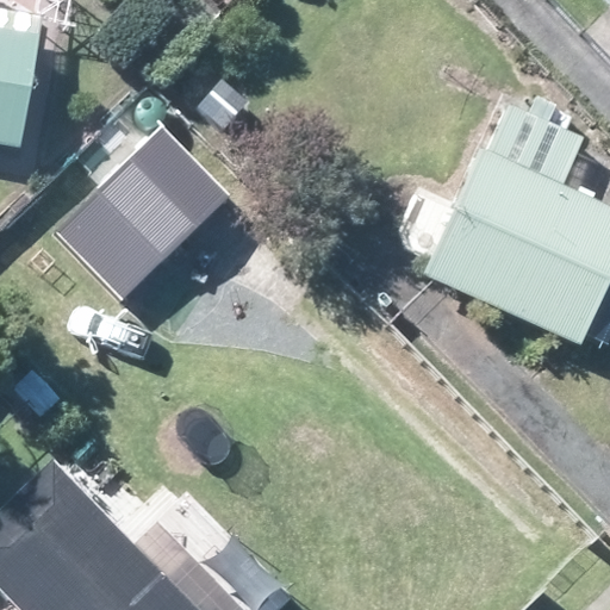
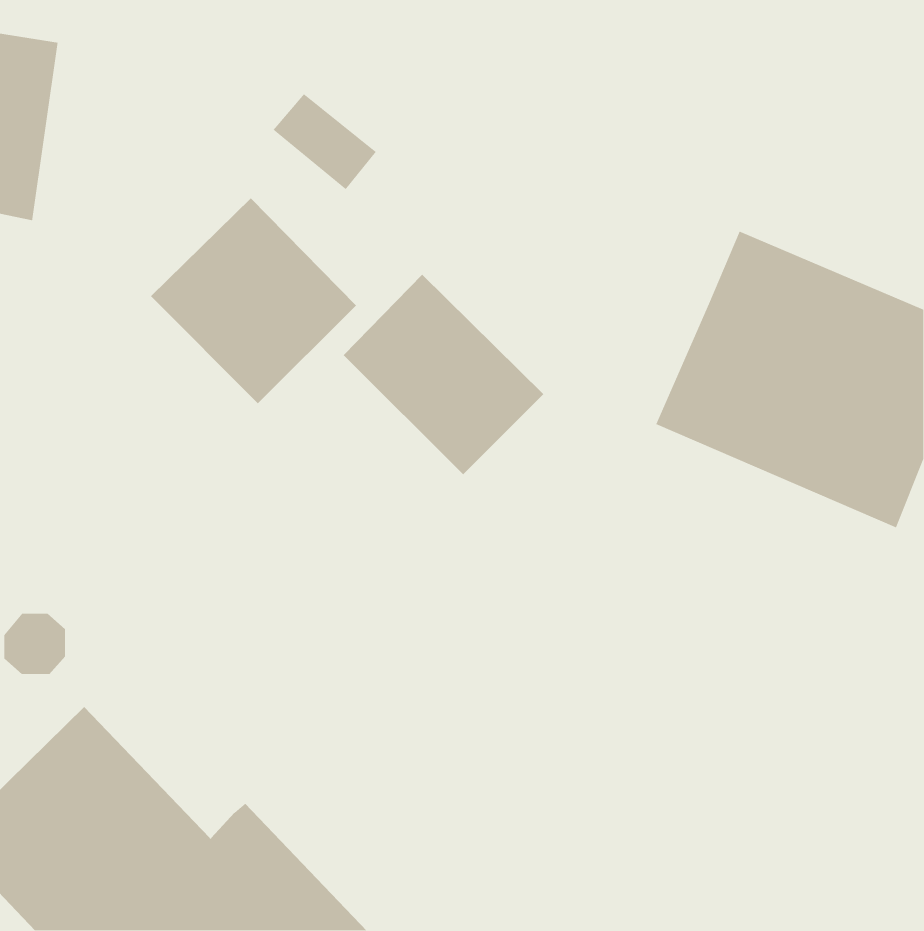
building: none -> [343,274,544,475]

